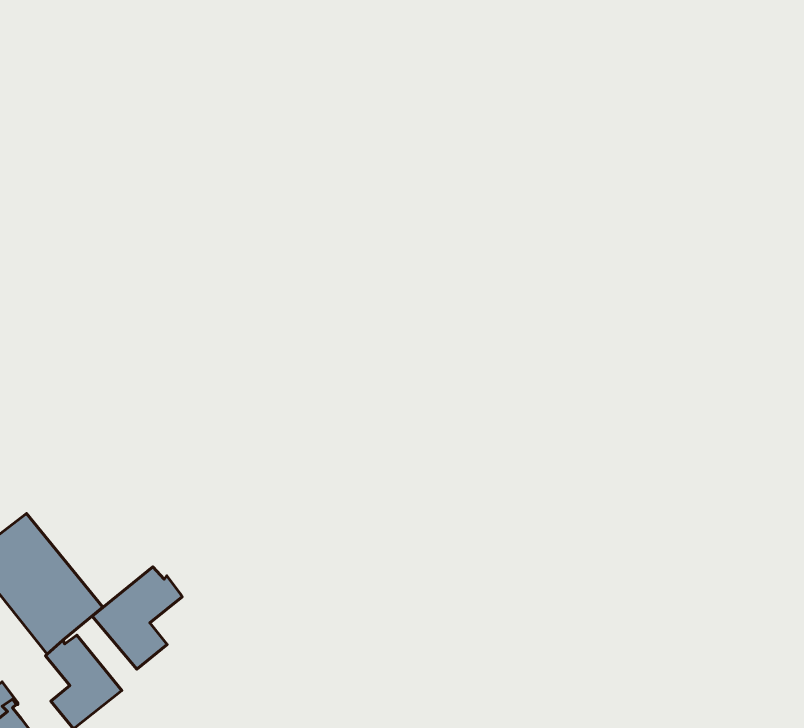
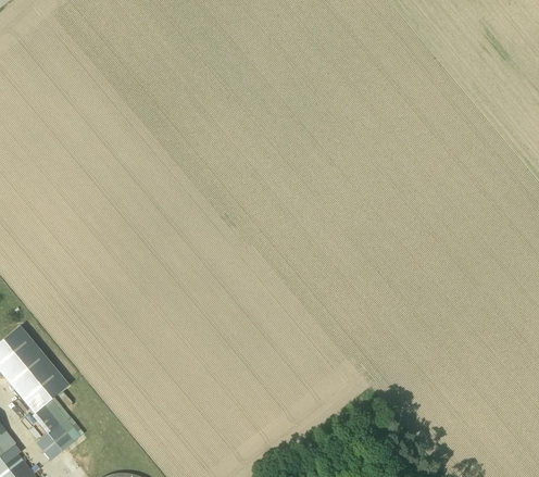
building: [92,567,182,669] -> none

